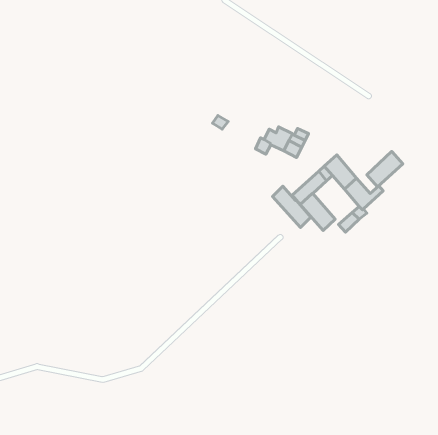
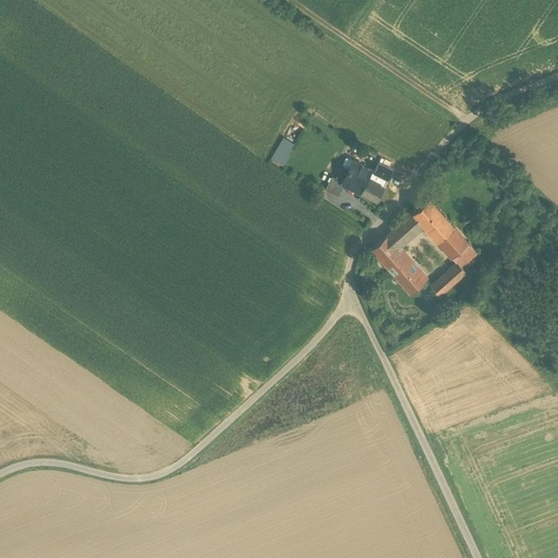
building: [367,152,403,187] -> none
building: [272,186,311,227] -> none

